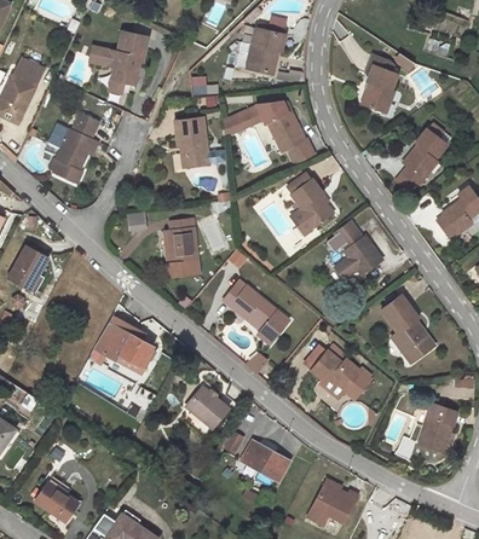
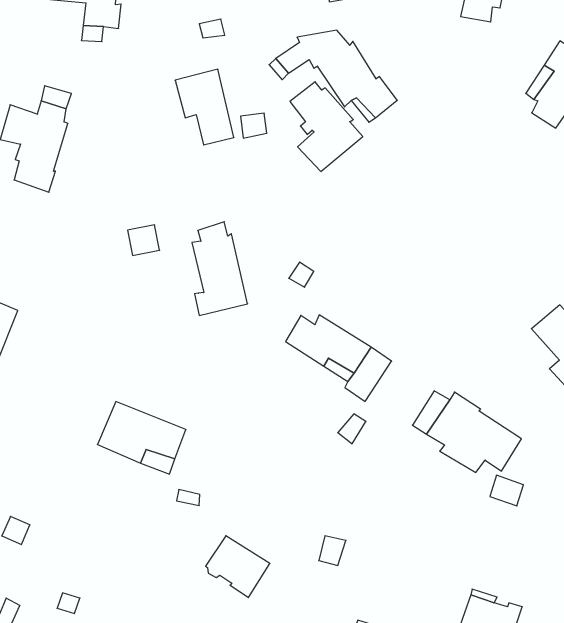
building: [289,174,334,233] -> [290,82,363,171]
building: [340,230,381,276] -> none
building: [189,393,231,435] -> [206,536,270,598]
building: [242,445,288,483] -> none

